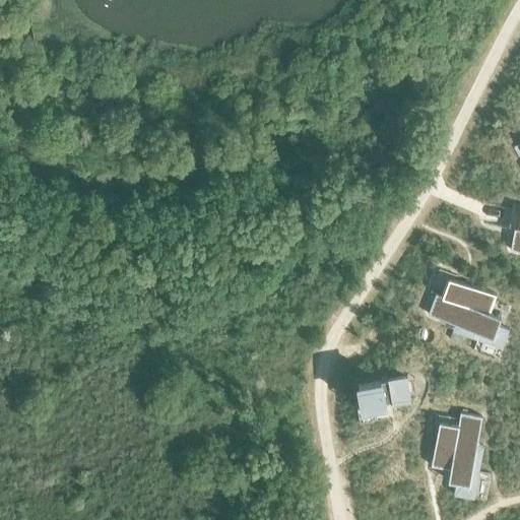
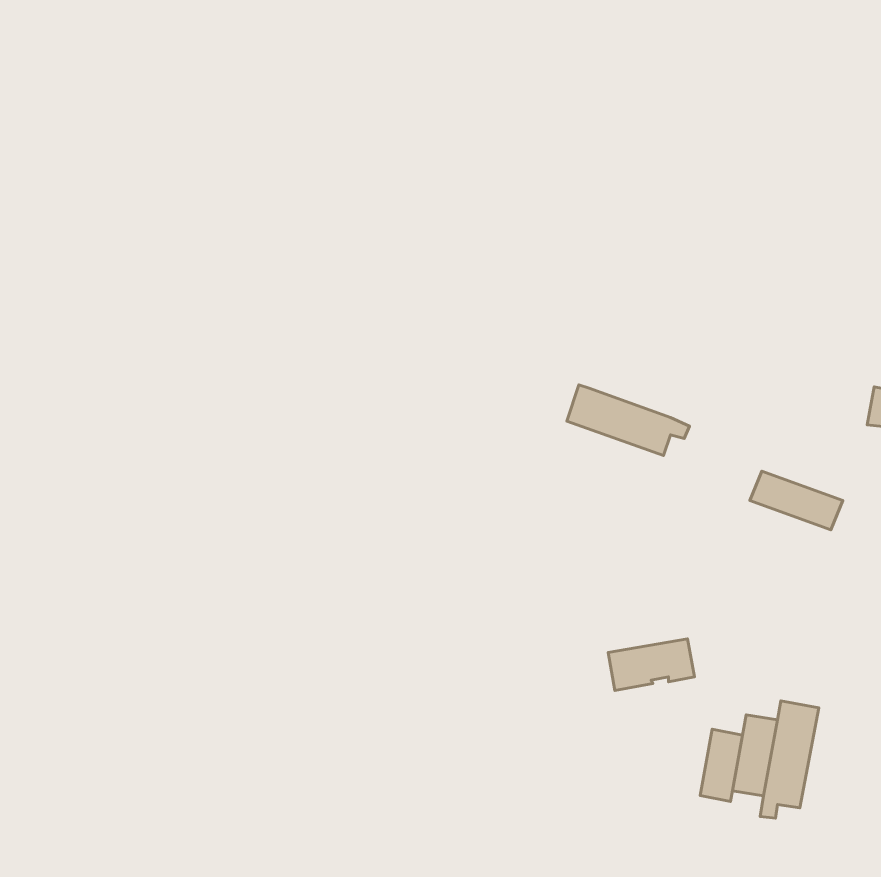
building: [429,296,501,337] -> [567,385,689,456]
building: none -> [700,729,743,802]

